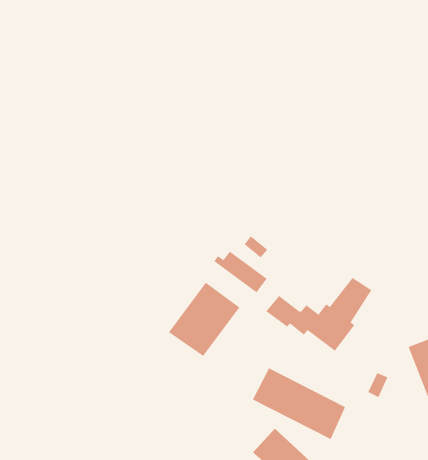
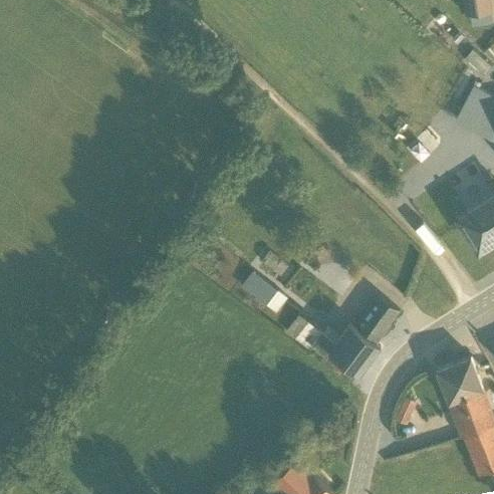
building: [168,282,240,357] -> none
building: [252,367,346,440] -> none

